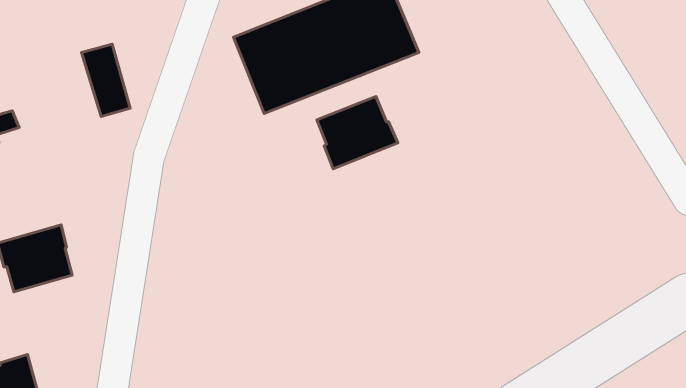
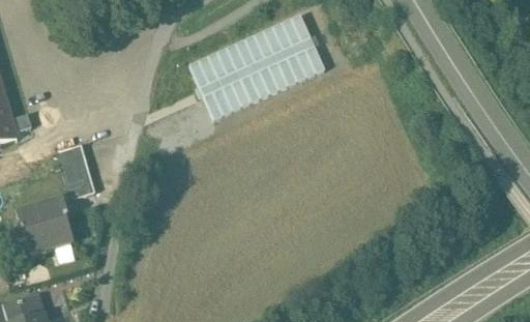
building: [82,44,130,117] -> [58,143,94,197]
building: [317,97,398,169] -> none

